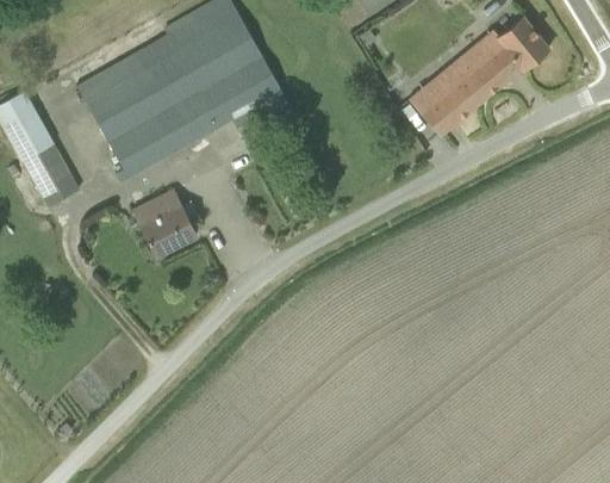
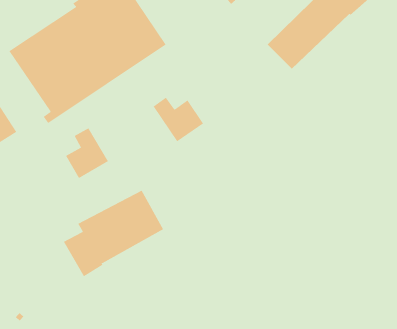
building: none -> [153,97,204,142]
building: none -> [63,190,164,277]

